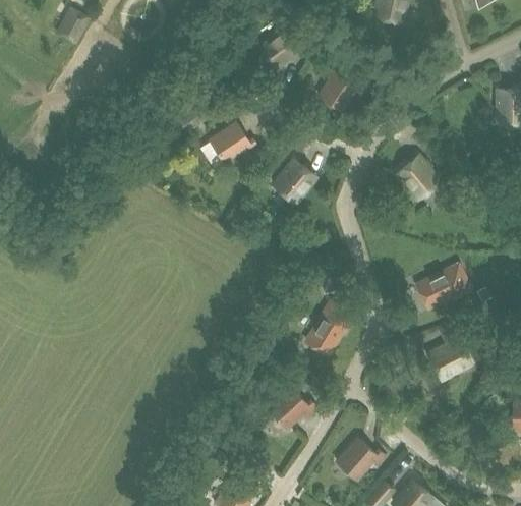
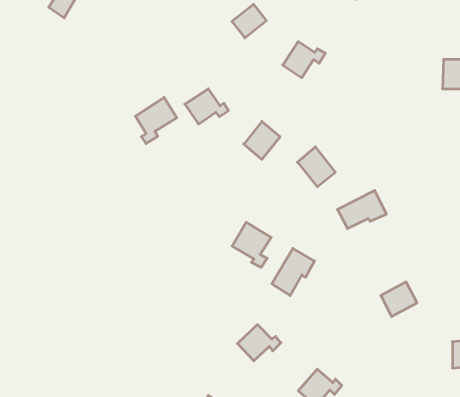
building: none -> [135,97,177,144]
building: [395,153,438,198] -> [297,147,335,187]
building: [417,263,472,305] -> [337,190,386,229]
building: none -> [232,222,271,267]

